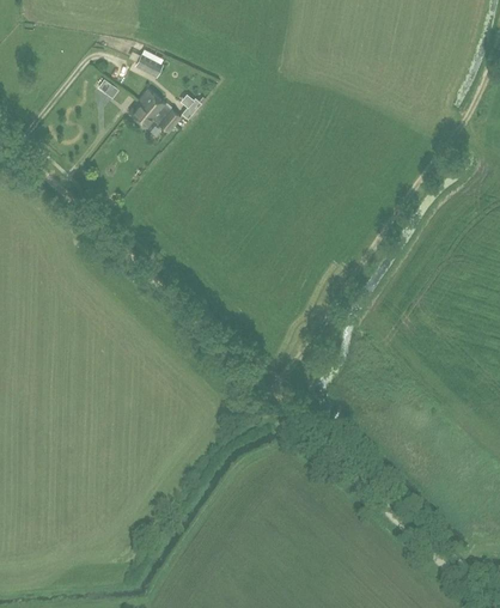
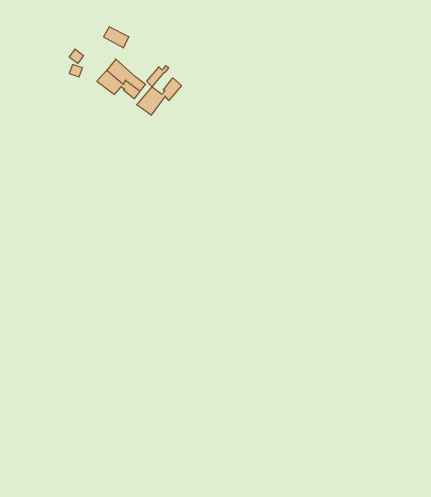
building: none -> [137,78,181,115]

